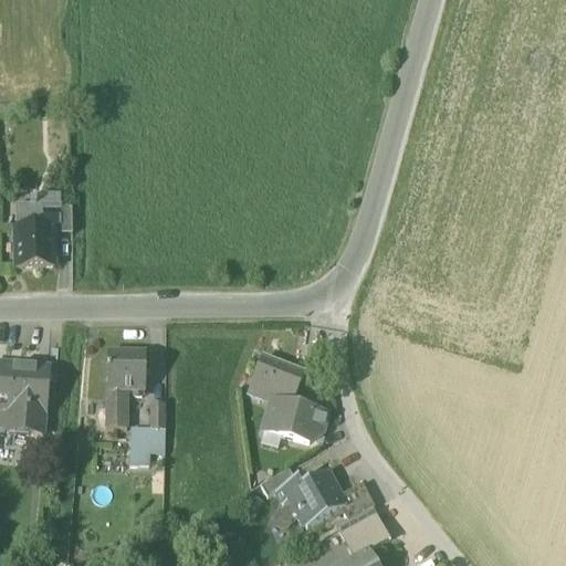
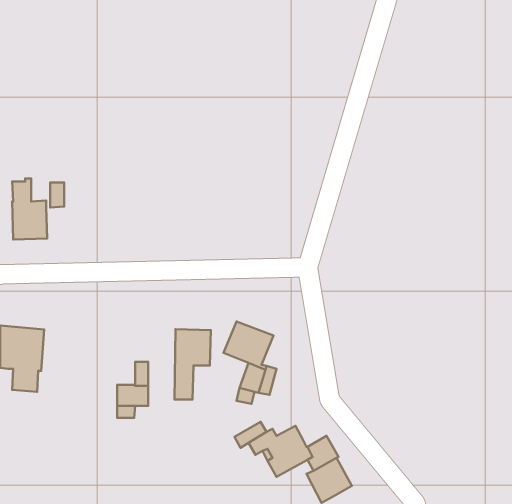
building: [34,189,60,222] -> none
building: [105,348,145,426] -> [175,329,211,399]
building: [296,407,325,444] -> none

